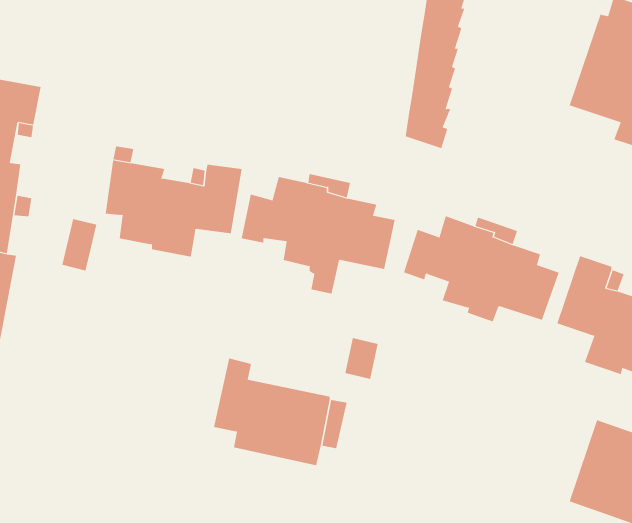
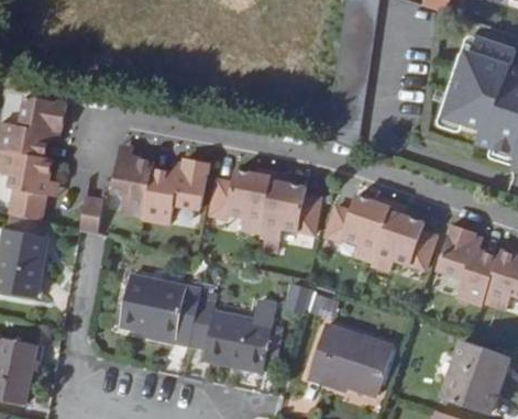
building: none -> [120,275,201,345]
building: none -> [309,323,395,396]

